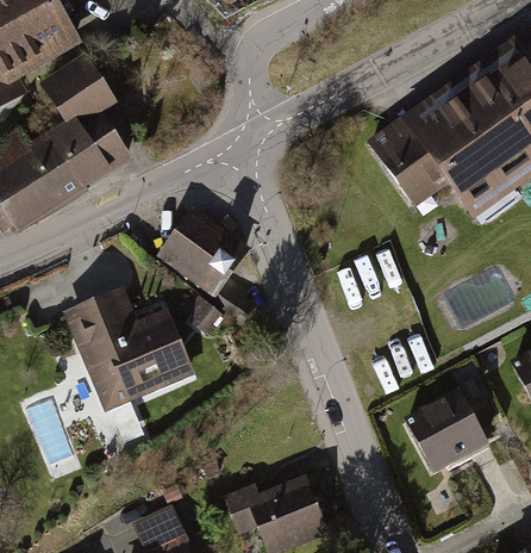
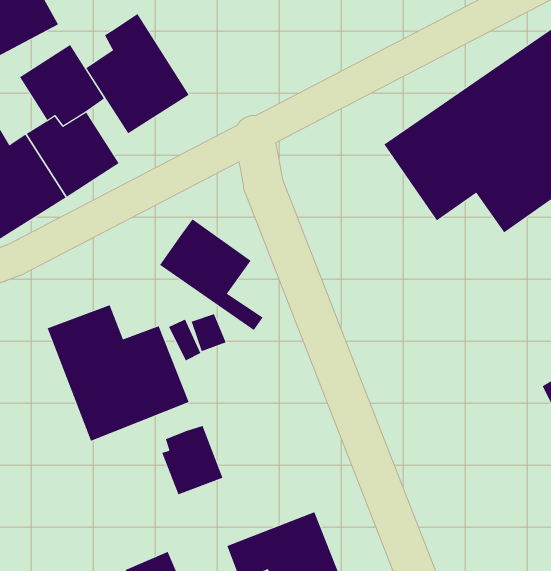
building: none -> [86,13,190,134]
building: [405,390,489,476] -> none
building: none -> [162,425,223,495]

